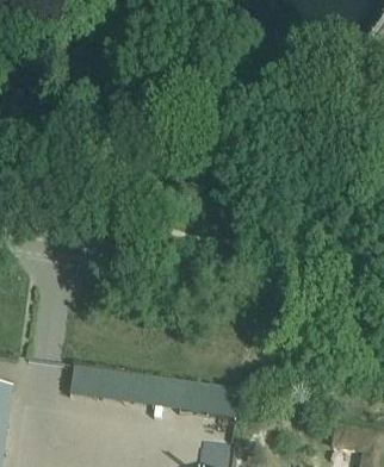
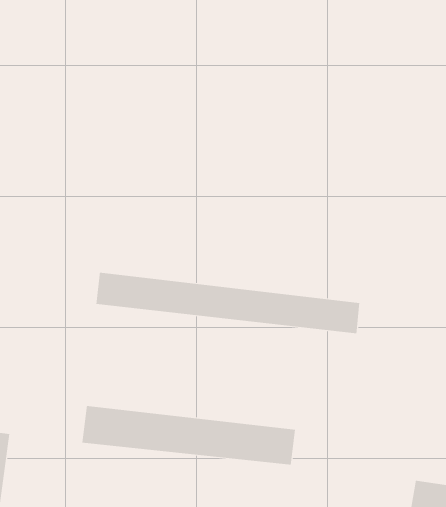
building: none -> [96,272,360,334]

